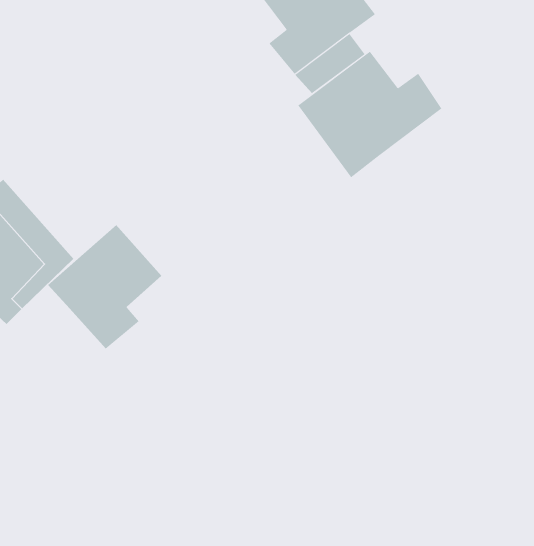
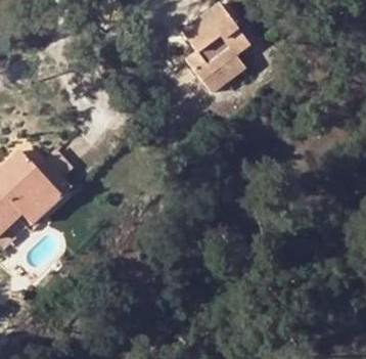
building: [297,51,442,178] -> none
building: [47,224,162,350] -> none

